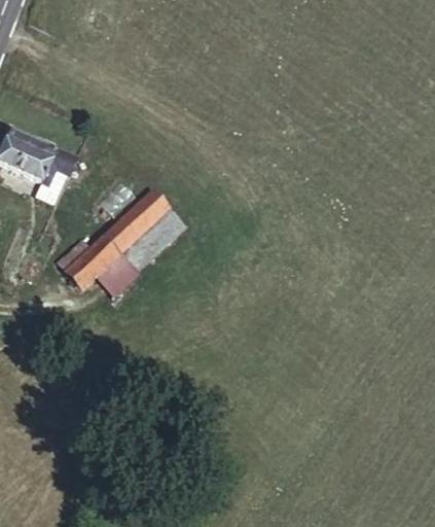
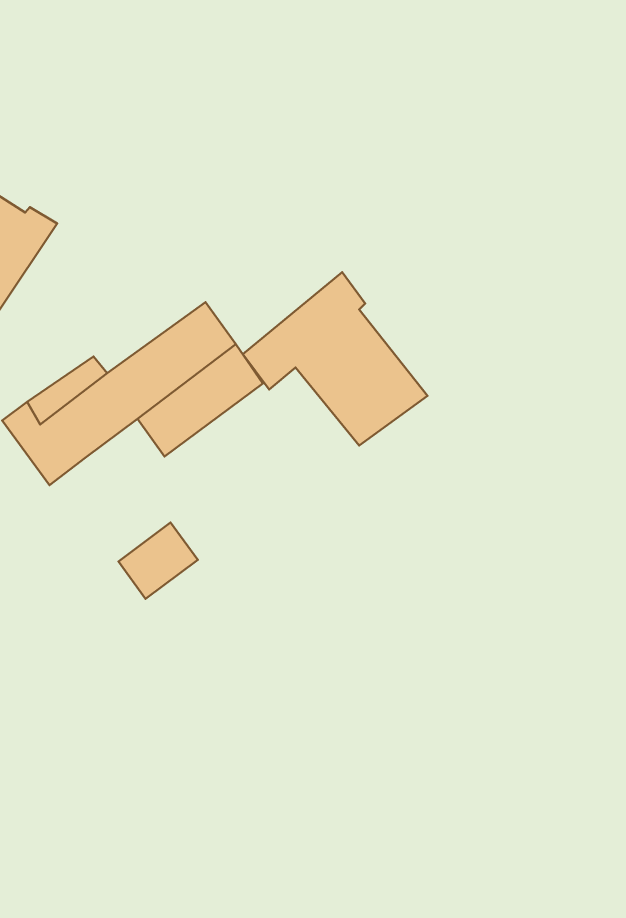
building: none -> [243,272,427,445]
building: [99,252,141,294] -> [118,522,198,599]

